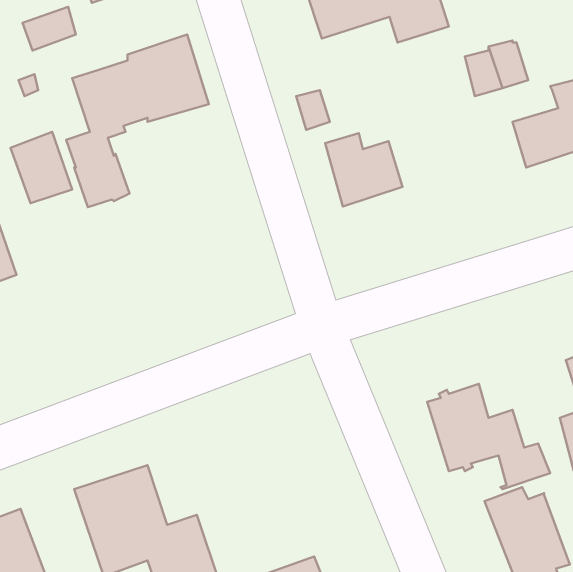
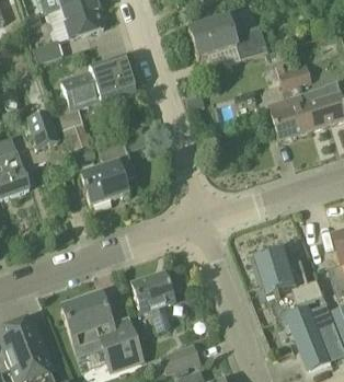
building: [325,133,402,207] -> [268,97,311,138]
building: none -> [81,140,136,204]
building: none -> [129,271,172,331]

